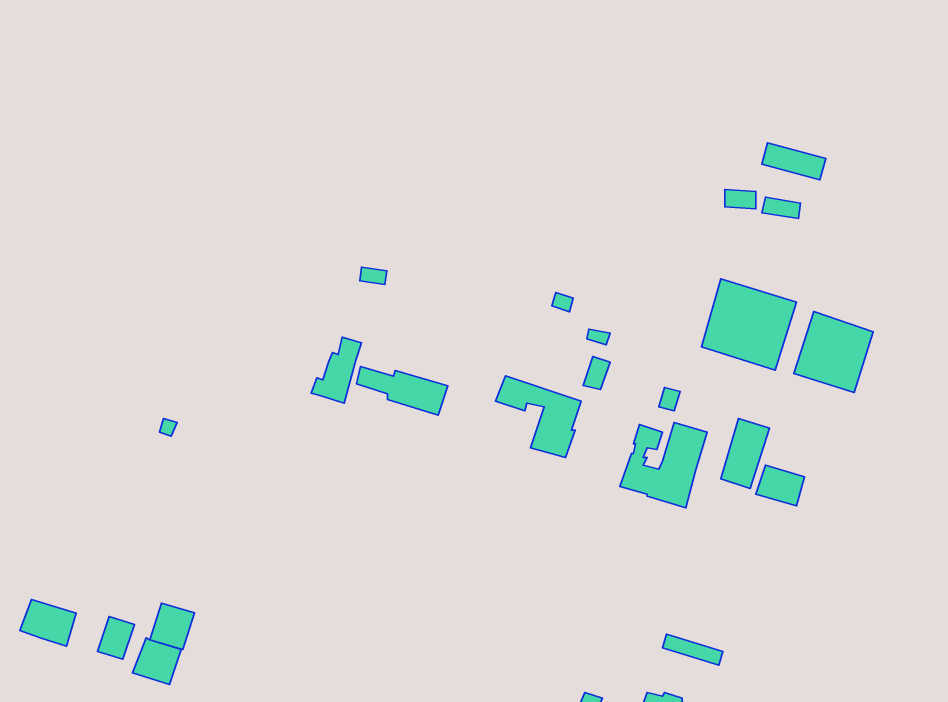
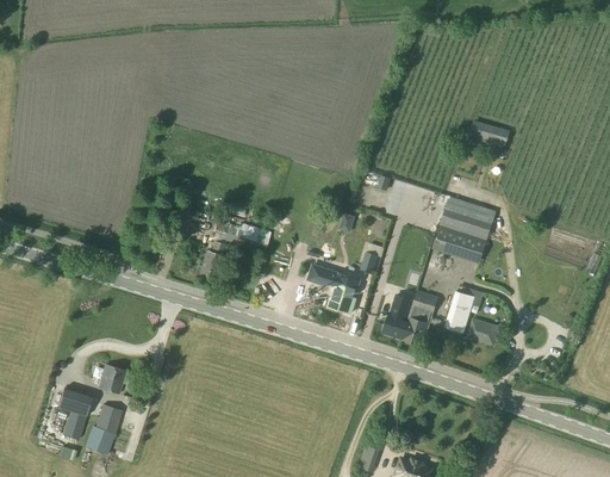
building: [794,312,873,392] -> none
building: [356,367,448,415] -> [214,221,270,250]
building: none -> [98,364,129,394]
building: [20,599,76,646] -> [57,388,92,416]

